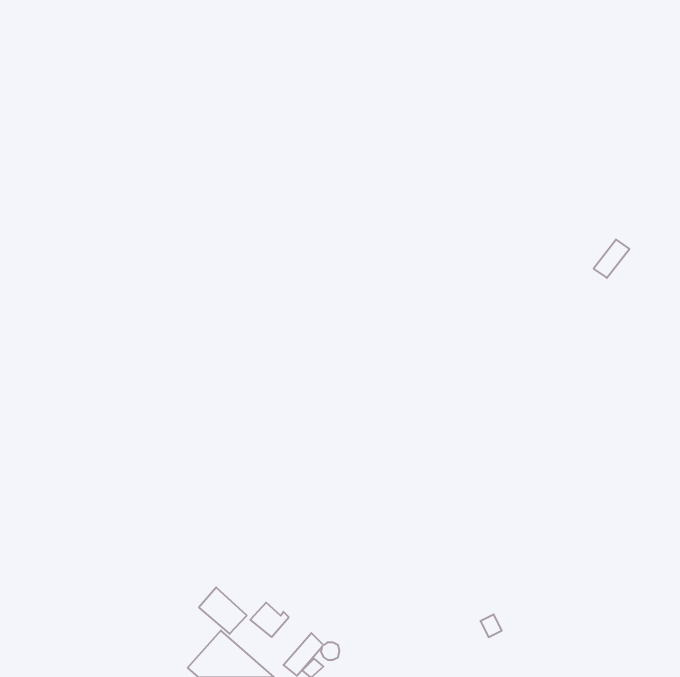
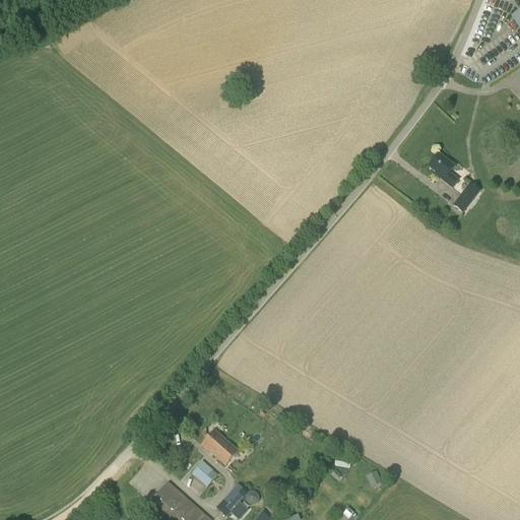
building: none -> [429,153,458,187]
building: [199,587,247,634] -> [202,430,239,465]

